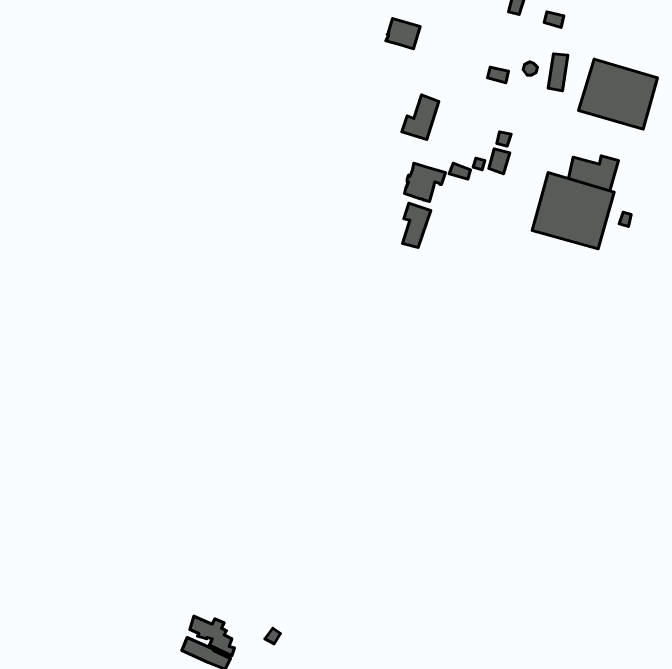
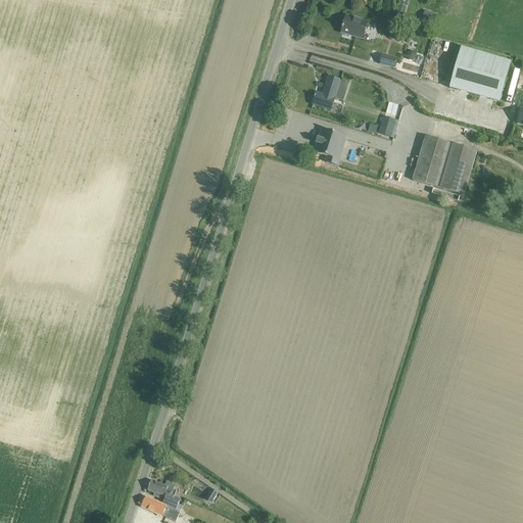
building: [386,19,420,49] -> [340,13,367,37]
building: [568,156,619,191] -> none
building: [402,203,431,248] -> none

